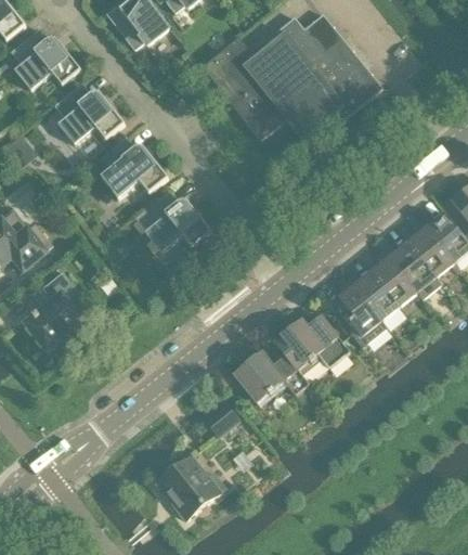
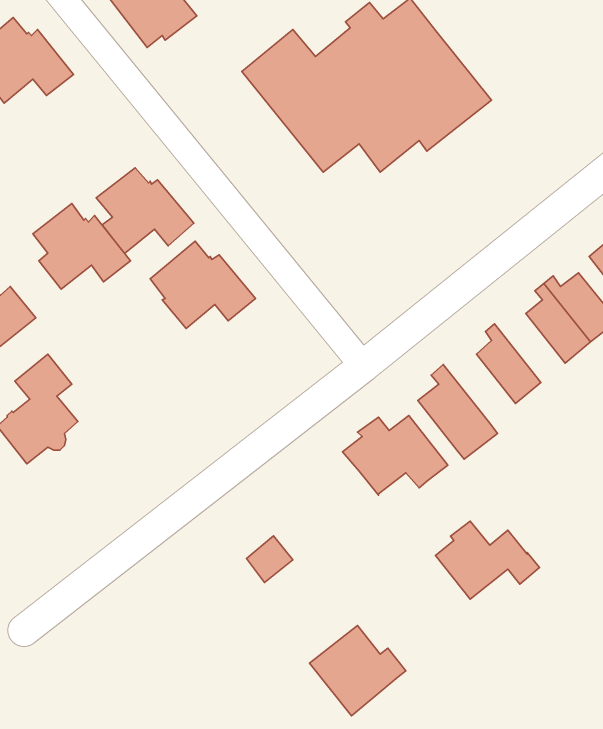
building: [53,82,124,144] -> [33,204,130,289]
building: [383,242,440,299] -> none
building: [347,271,399,321] -> none
building: [234,349,309,405] -> [436,521,539,599]
building: [156,454,225,519] -> [310,626,406,716]

